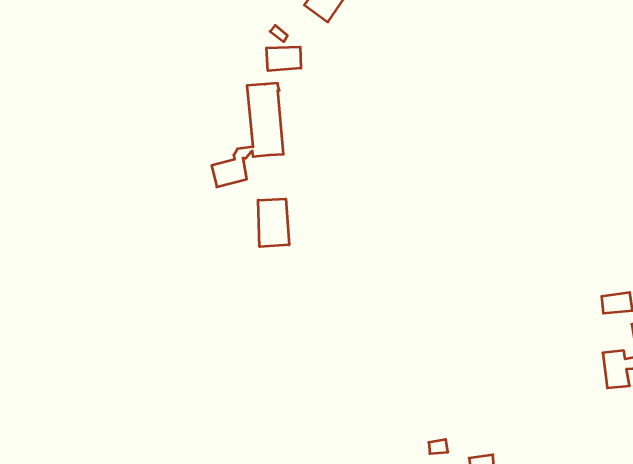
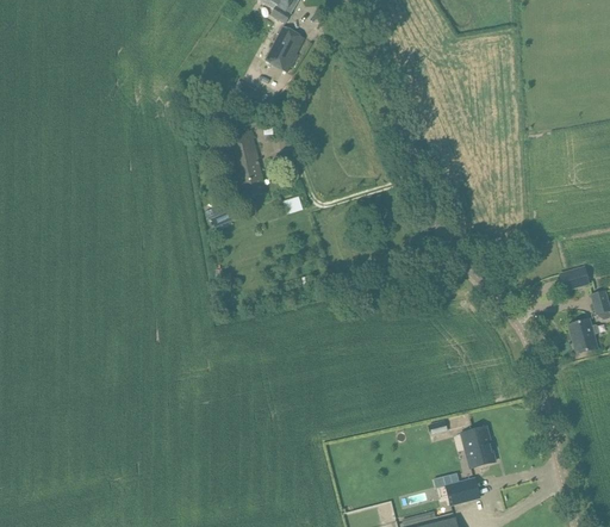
building: [266,47,301,71] -> none
building: [258,199,289,247] -> none

